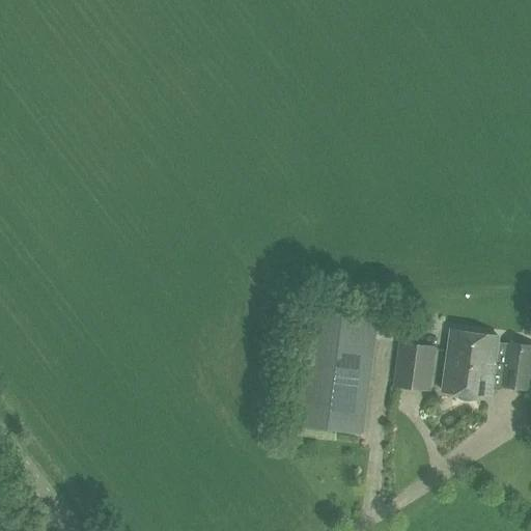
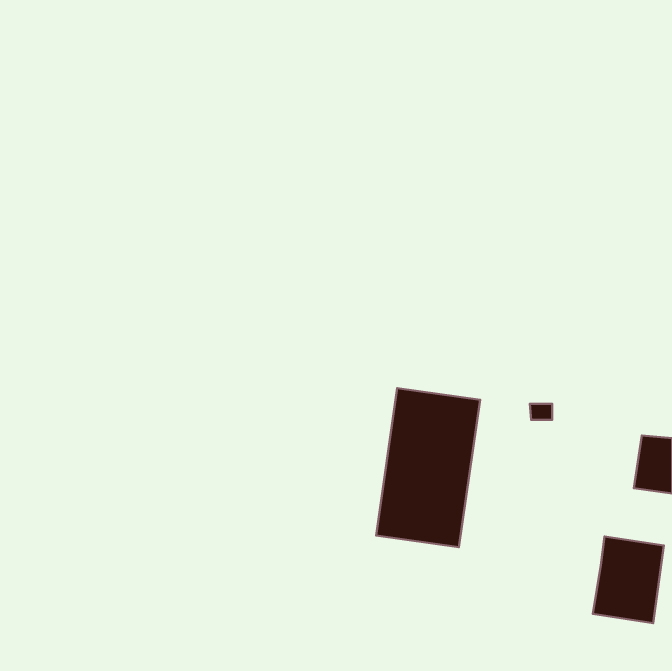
building: [443,330,499,398] -> [593,536,664,623]
building: [395,343,436,390] -> none

